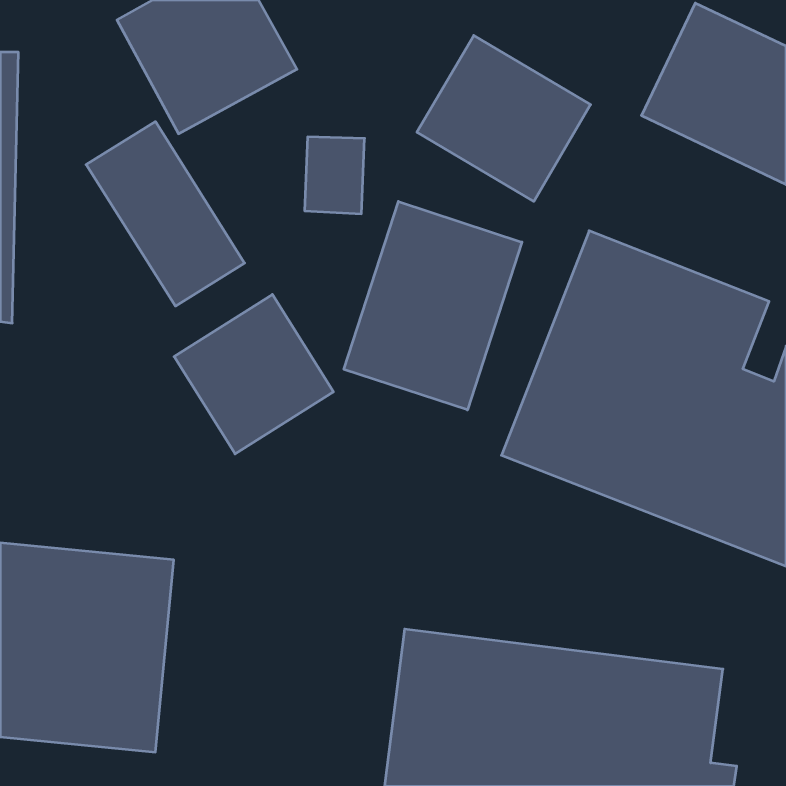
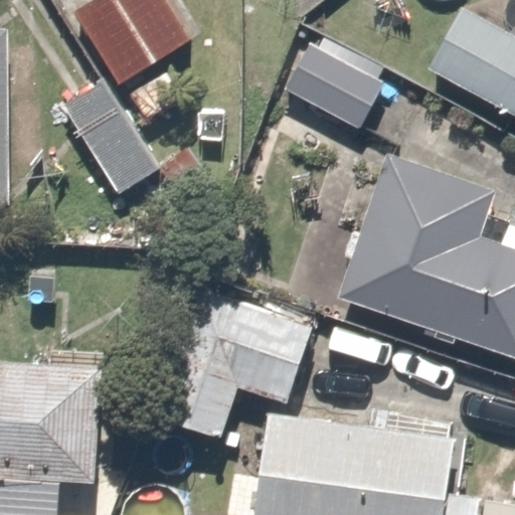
building: [344,201,522,410] -> none
building: [174,294,333,454] -> none
building: none -> [156,285,321,449]

